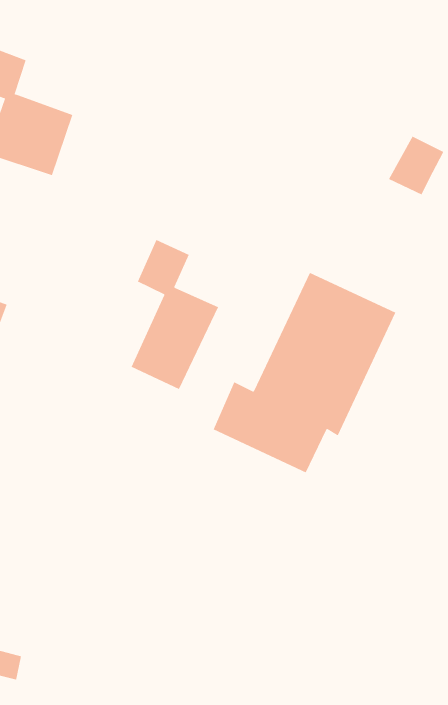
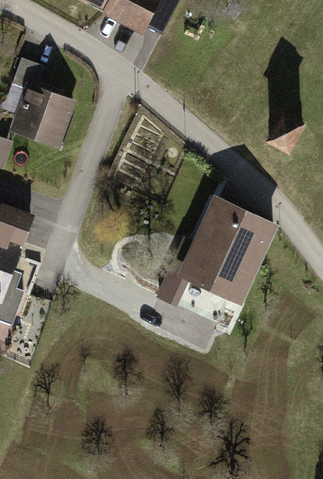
building: [131,239,219,390] -> none

